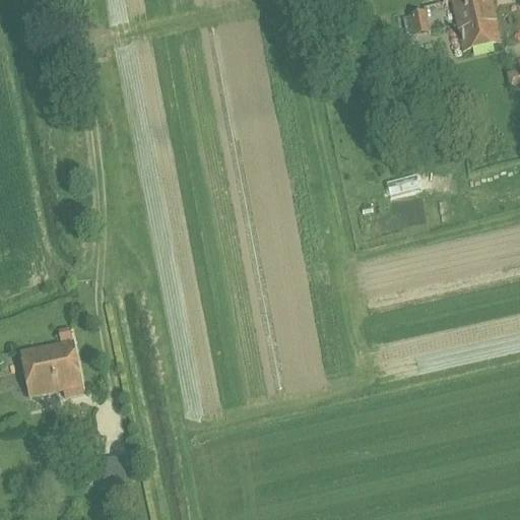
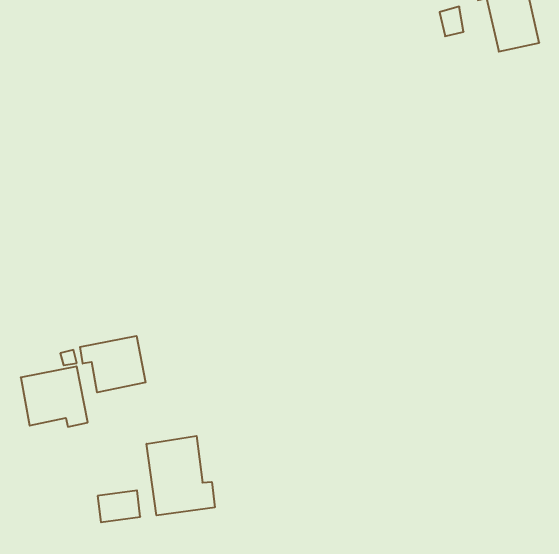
building: none -> [80,336,146,392]
building: none -> [147,436,215,515]

